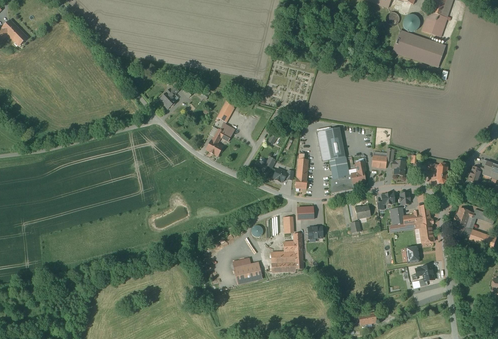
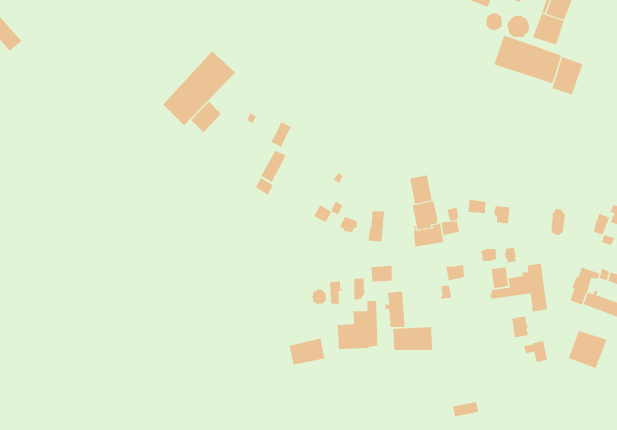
building: none -> [162,50,236,126]
building: none -> [552,56,583,95]
building: none -> [393,326,433,351]
building: none -> [568,330,607,369]

